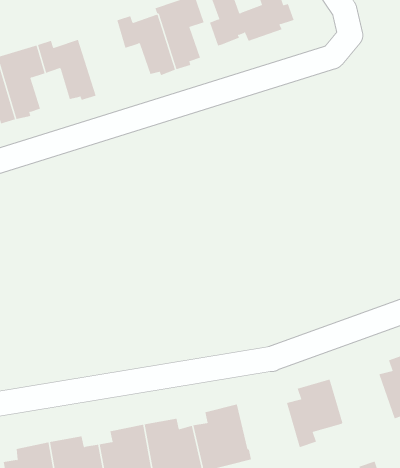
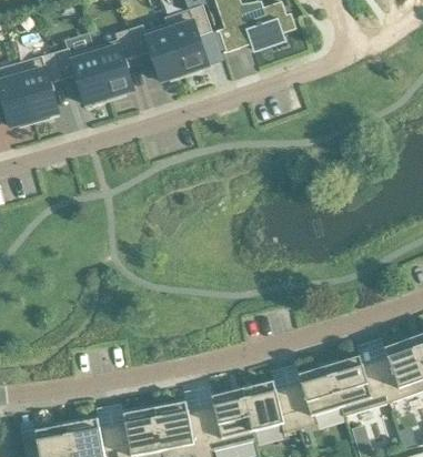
building: none -> [93,29,137,100]
building: none -> [329,355,389,416]
building: none -> [242,380,300,434]

